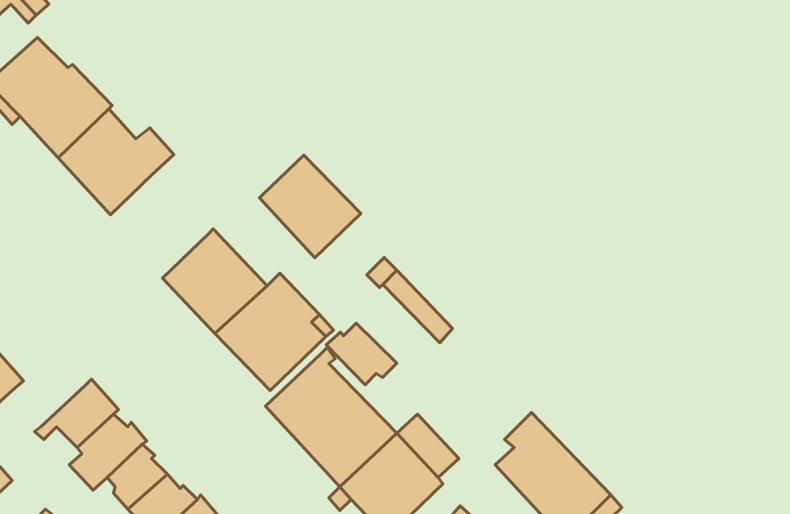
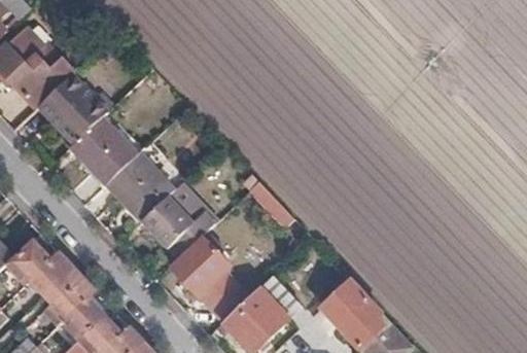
building: [259,155,361,258] -> [70,120,136,187]
building: [326,323,397,385] -> none
building: none -> [8,241,56,284]

